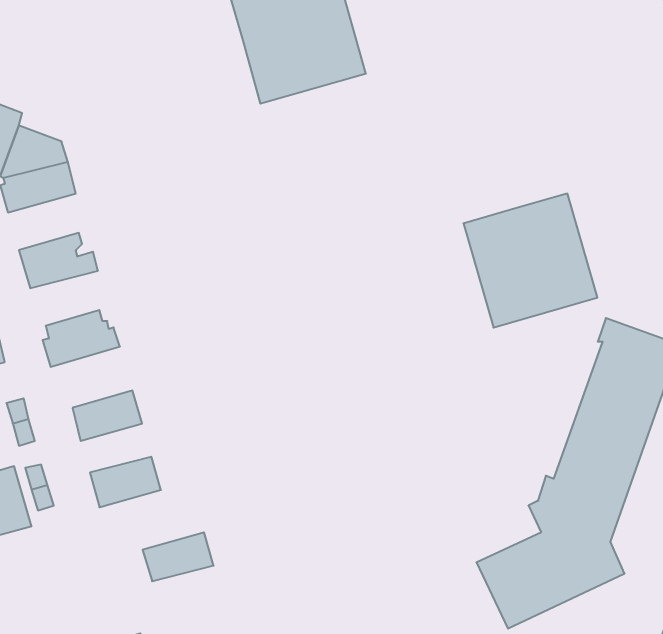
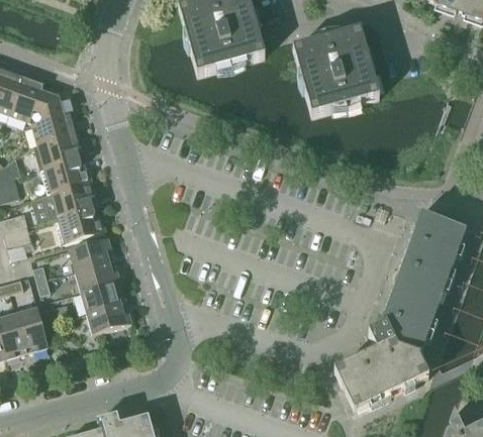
building: none -> [33,132,81,169]
building: [463,194,597,328] -> [291,28,377,114]
building: none -> [42,182,94,219]
building: none -> [69,237,113,269]
building: [143,532,214,581] -> [80,280,125,311]

